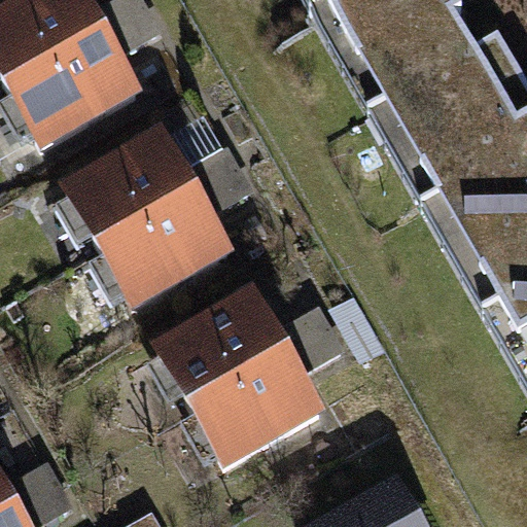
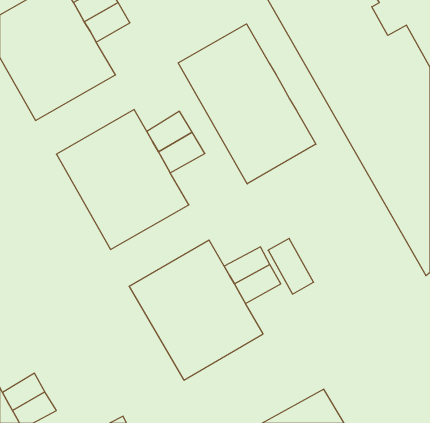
building: none -> [178,24,316,184]

